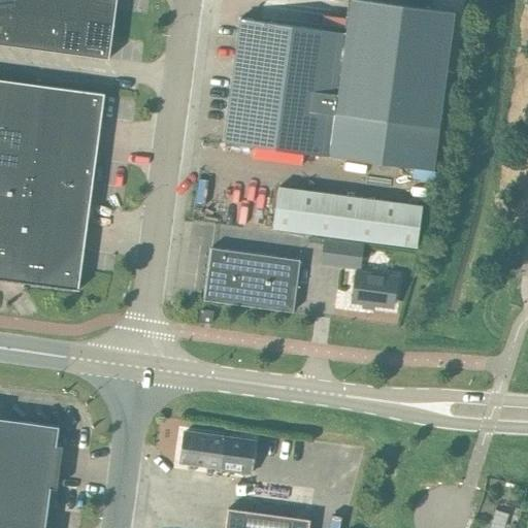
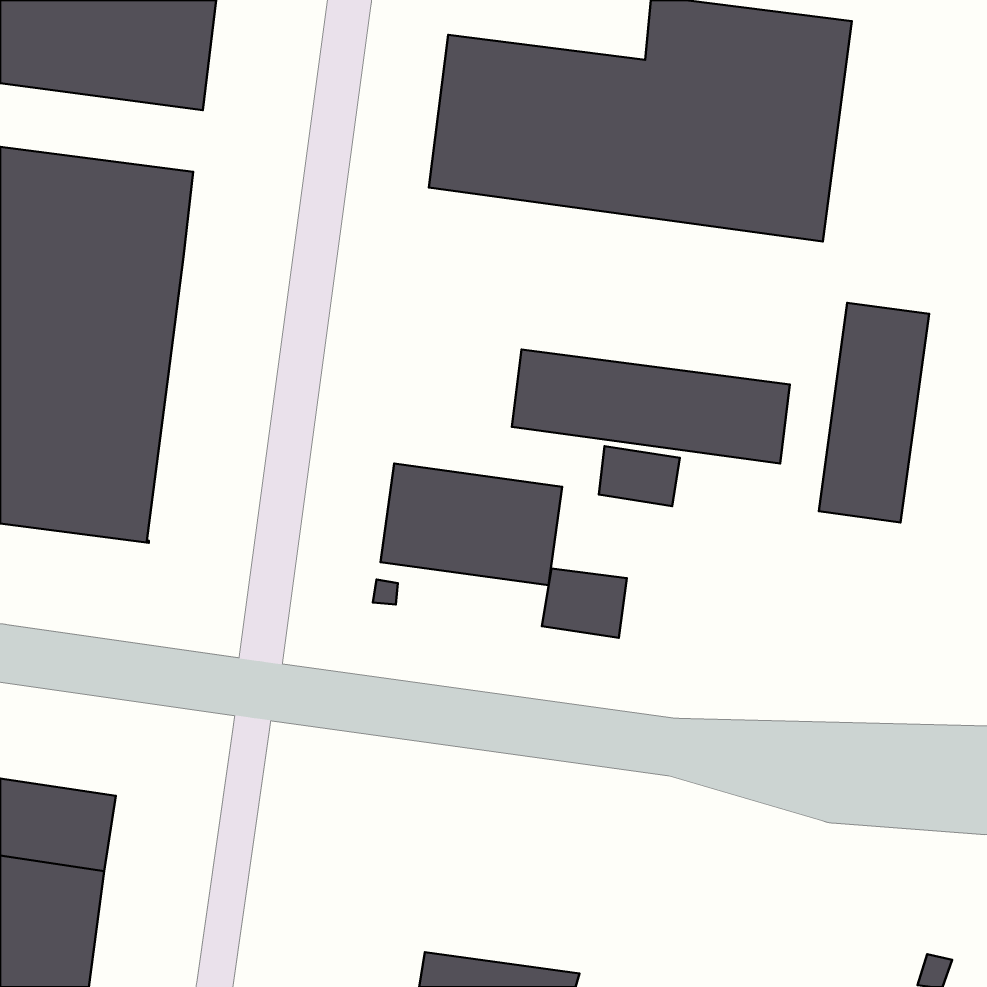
building: [223,100,439,170] -> none
building: none -> [819,303,929,522]
building: [351,271,396,308] -> [542,568,627,638]
building: [179,431,255,474] -> none

